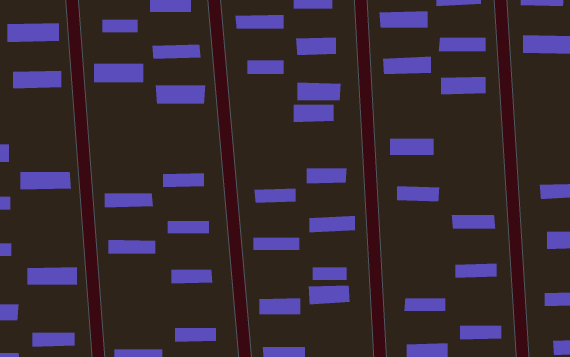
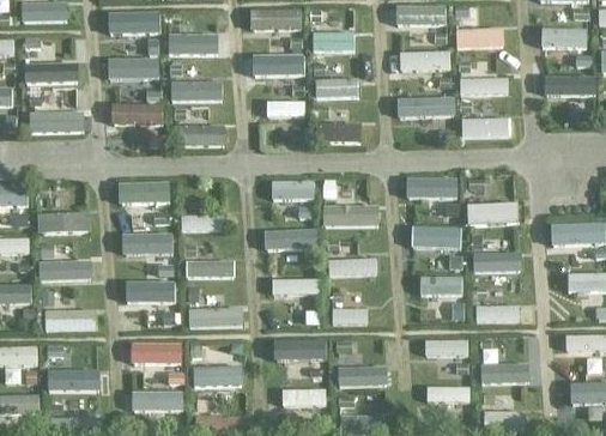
building: [293,104,335,123] -> [272,181,314,200]
building: none -> [119,182,170,204]
building: none -> [467,202,519,225]
building: none -> [41,261,84,280]
building: none -> [420,275,461,295]
building: [308,285,351,305] -> [338,367,381,387]
building: none -> [132,343,182,363]

